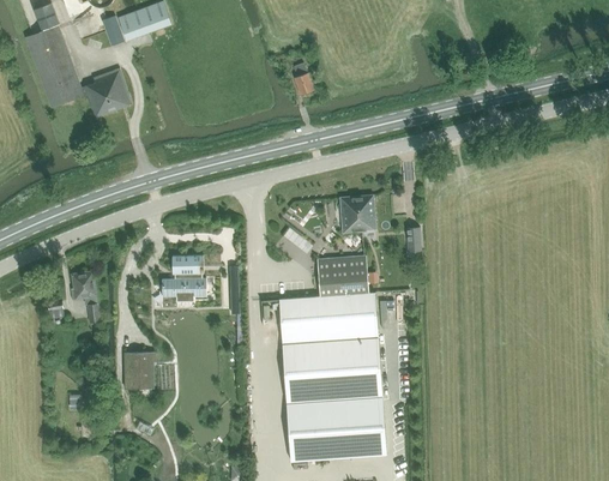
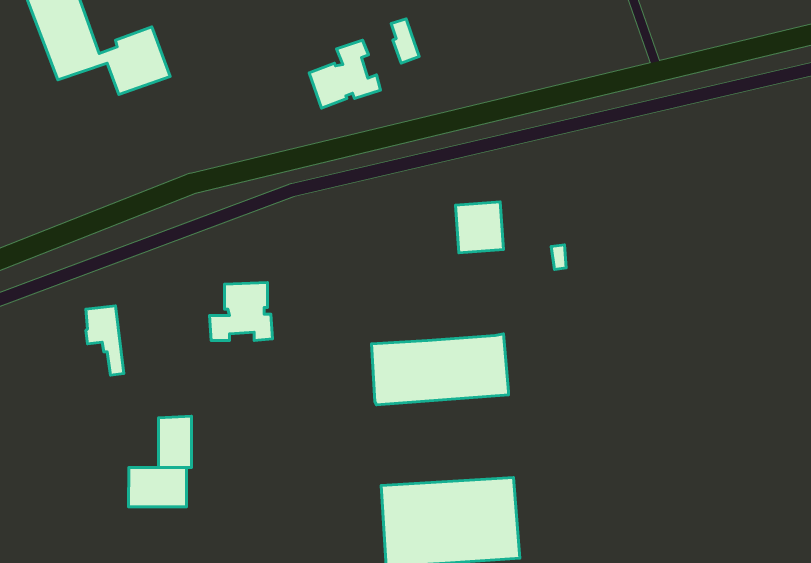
building: none -> [309,40,381,108]
building: [315,255,368,296] -> none
building: [282,336,381,402] -> none
building: none -> [128,467,187,507]

